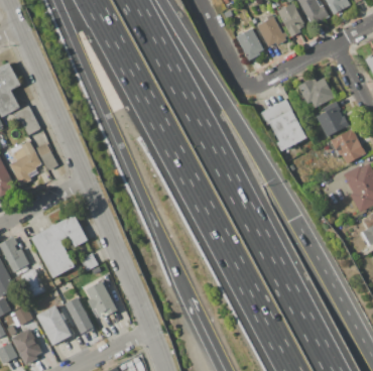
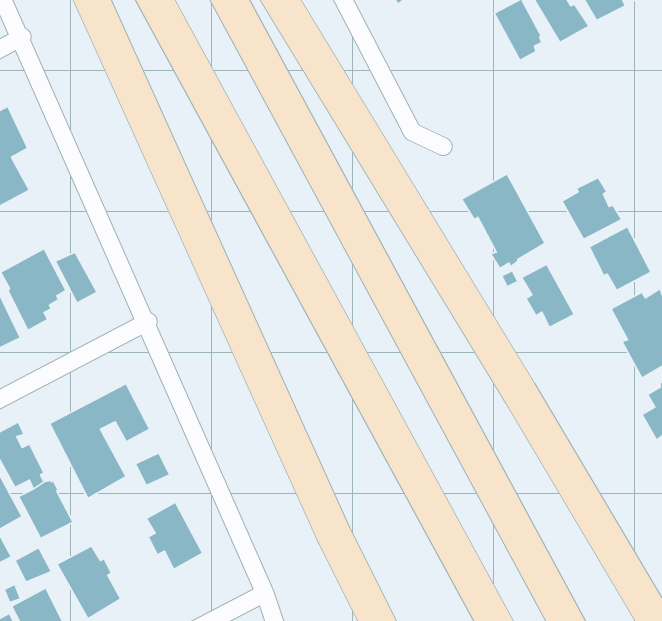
building: [257,16,287,45] -> none
building: [237,28,264,60] -> none
building: [298,78,334,107] -> none
building: [16,106,41,135] -> none
building: none -> [522,264,575,328]
building: [65,296,93,334] -> none

